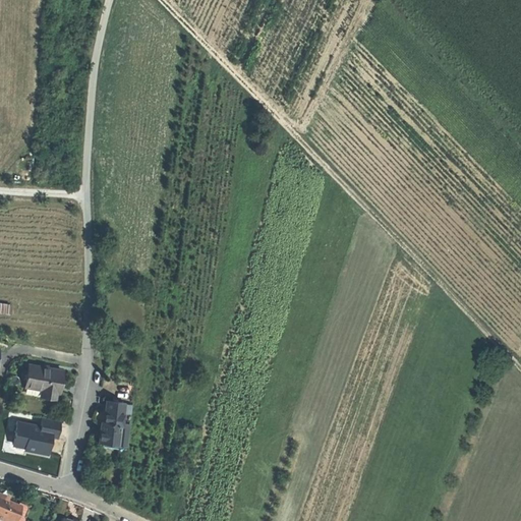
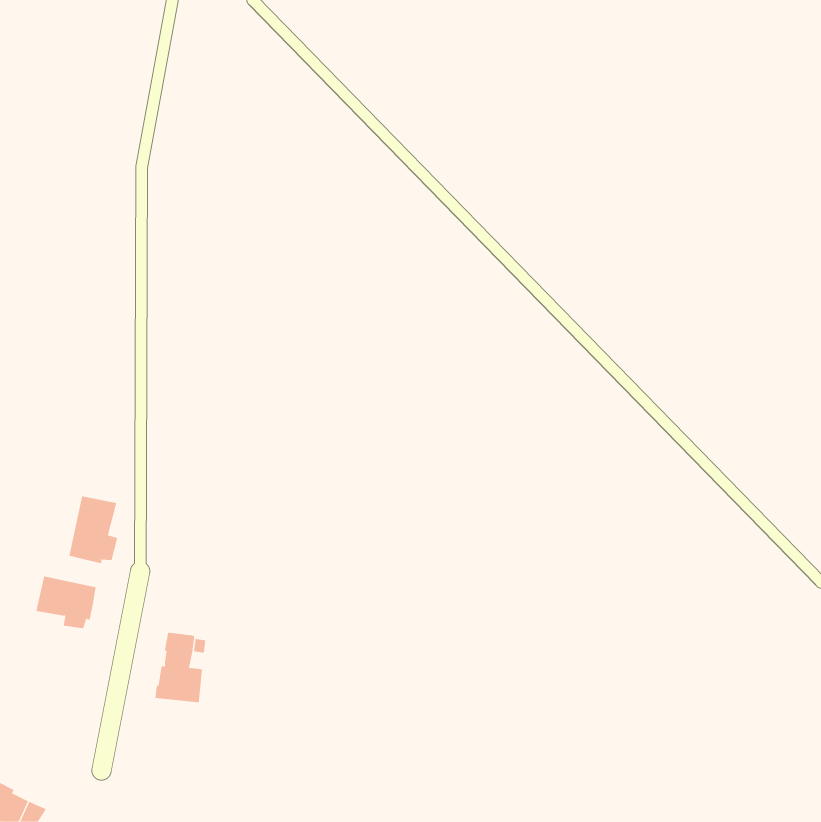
building: none -> [69,496,118,564]
building: [14,417,59,453] -> none

